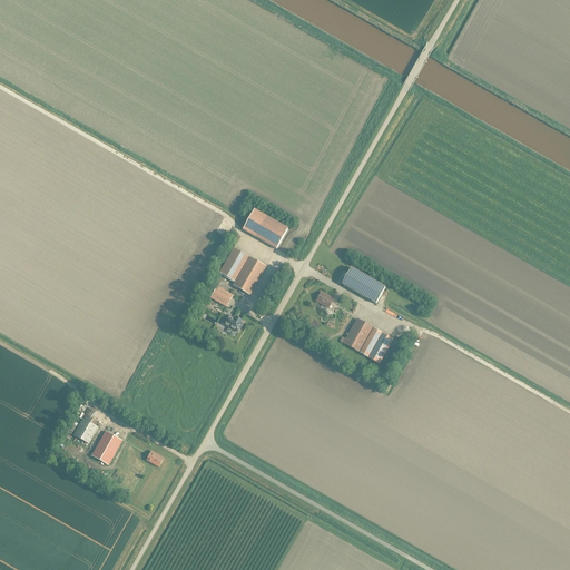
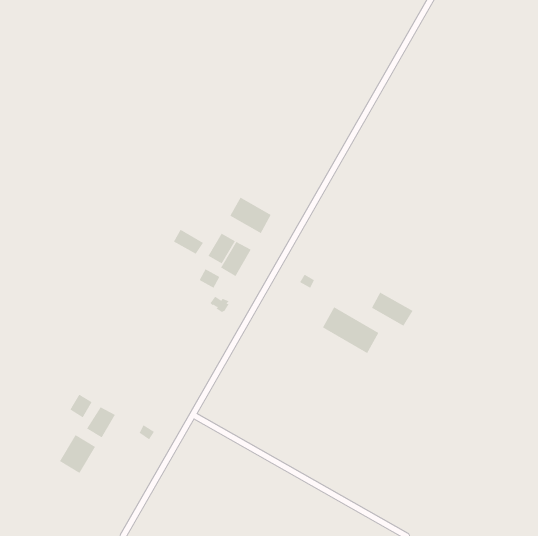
building: none -> [173,229,204,255]
building: [340,266,384,303] -> [371,292,413,327]
building: none -> [59,434,96,474]

